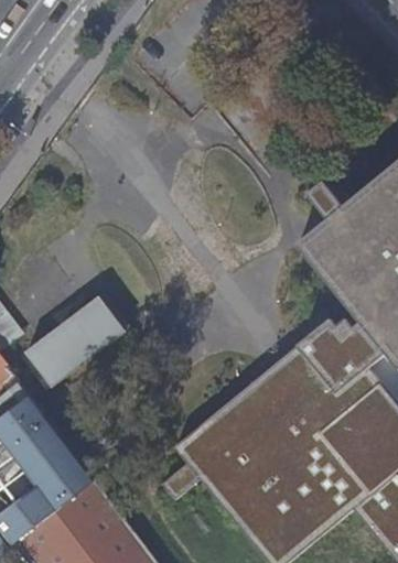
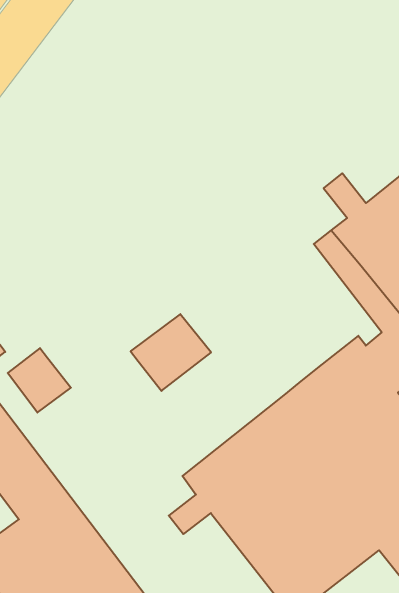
building: [54,300,126,368] -> [131,314,211,391]

